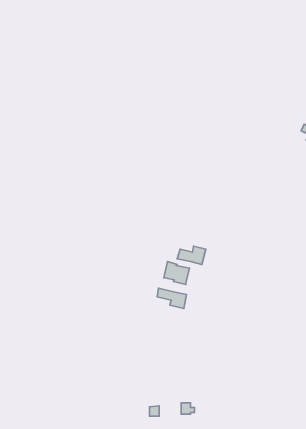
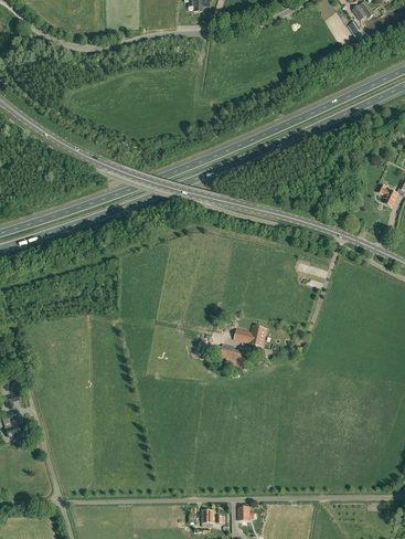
building: [157,288,187,308] -> none

